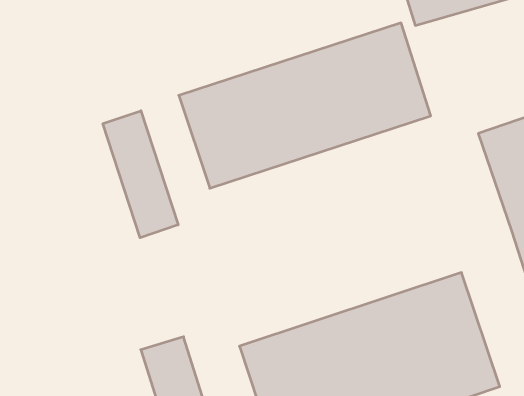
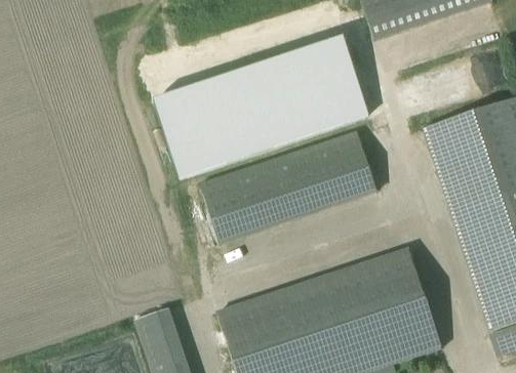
building: [103,111,178,238] -> none
building: none -> [199,131,376,243]

